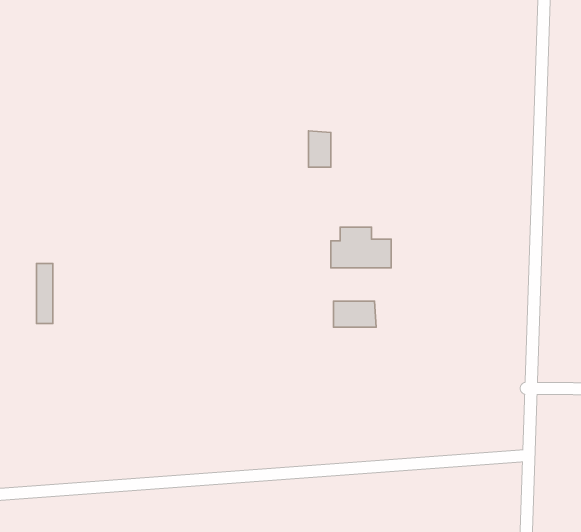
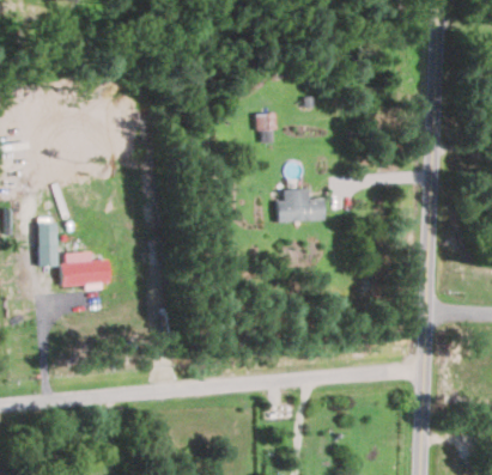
building: [334,301,376,327] -> none
building: none -> [62,261,109,285]

